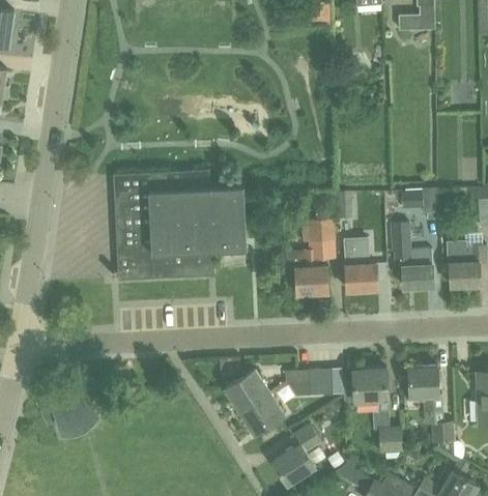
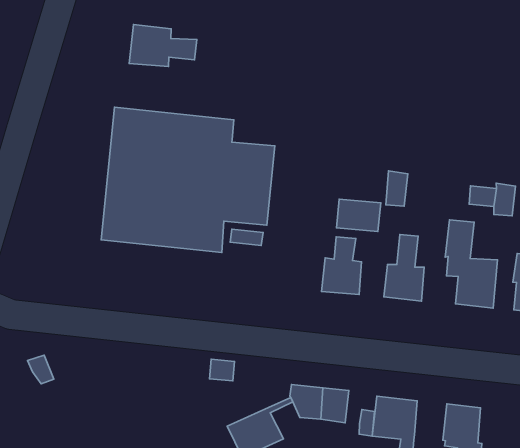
building: none -> [129,25,197,67]
building: [225,369,269,411] -> none

